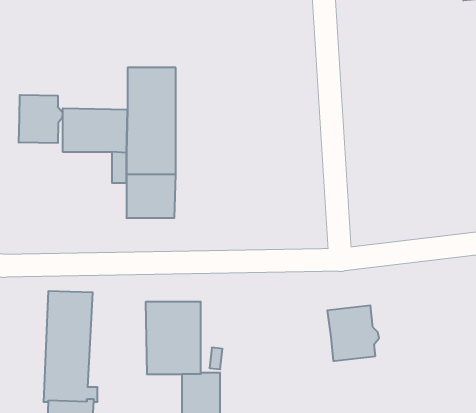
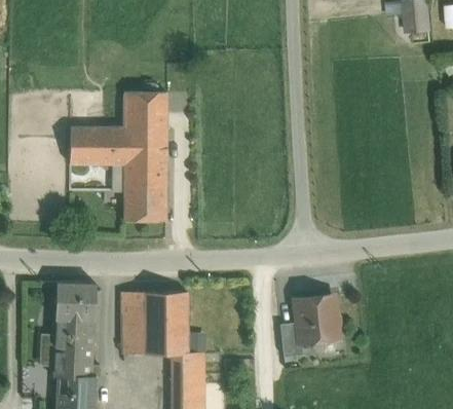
building: [19,95,63,143] -> none
building: none -> [121,293,142,355]
building: none -> [280,323,303,358]

